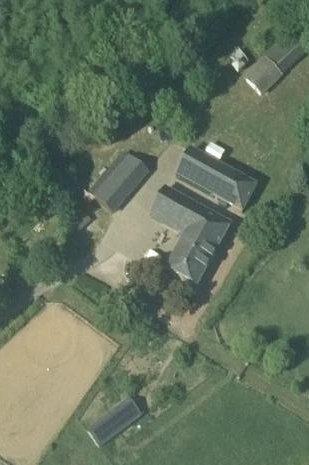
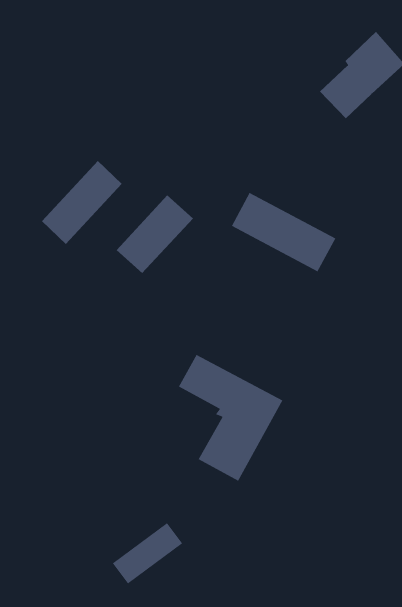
building: none -> [41,160,123,245]
building: [150,186,230,283] -> [178,354,284,482]

